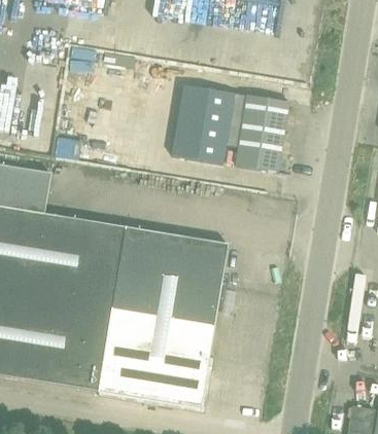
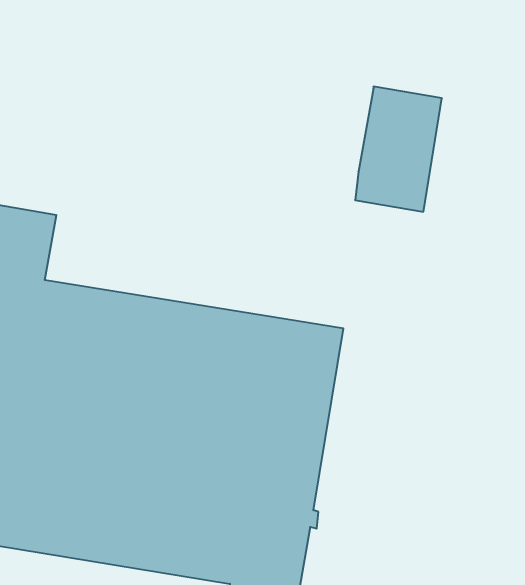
building: [172,84,247,162] -> none

